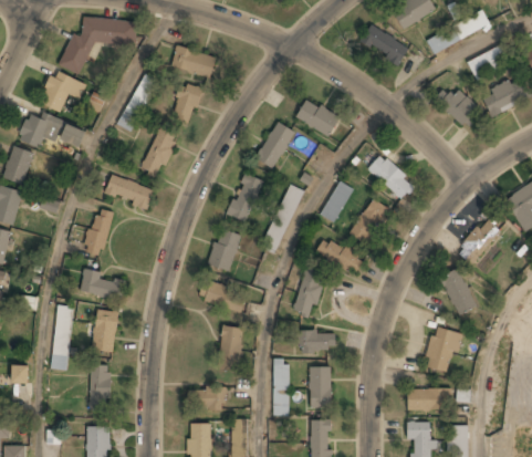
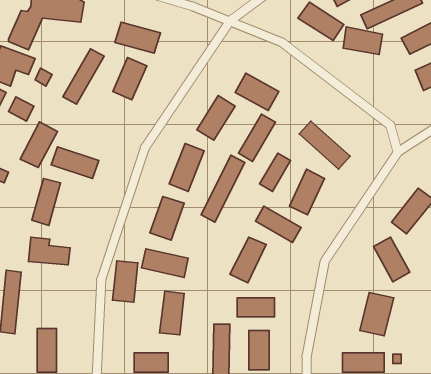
building: [436,90,477,118] -> [343,27,382,54]
building: [139,129,178,177] -> [20,122,57,168]
building: none -> [239,114,276,161]
building: [92,309,118,352] -> [112,261,138,302]

